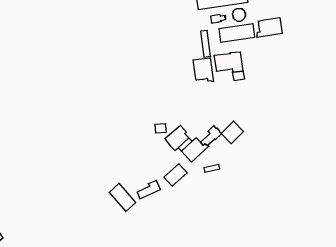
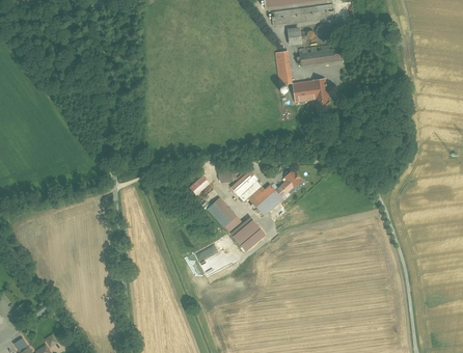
building: [257,18,282,37] -> none
building: [193,58,213,82] -> none
building: [221,121,244,144] -> none
building: [109,183,136,212] -> [208,197,241,233]

